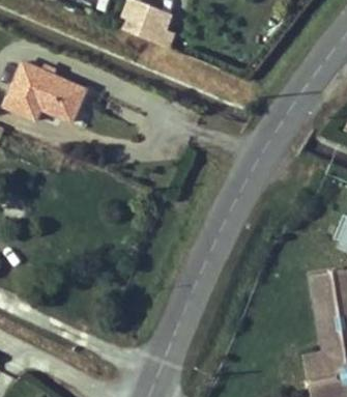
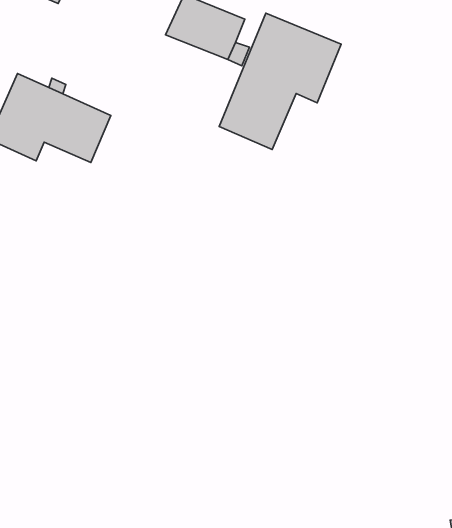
building: none -> [219,13,341,149]

